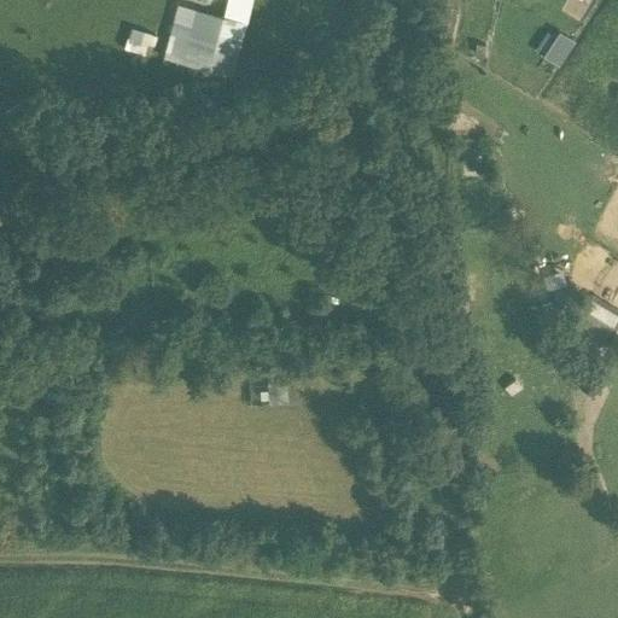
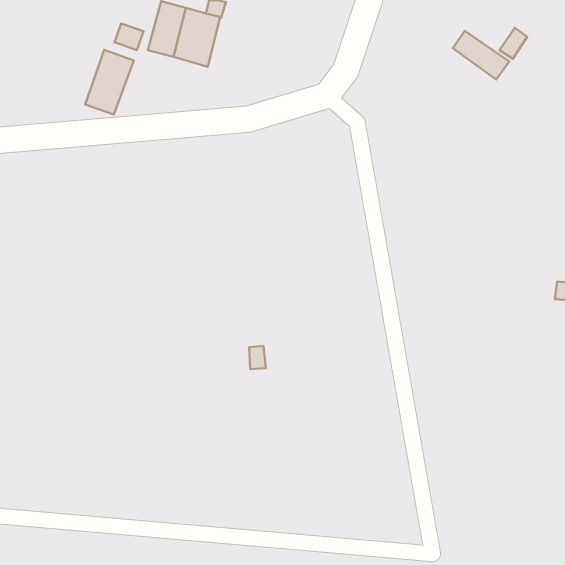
building: none -> [453,31,509,79]
building: none -> [85,50,134,114]

